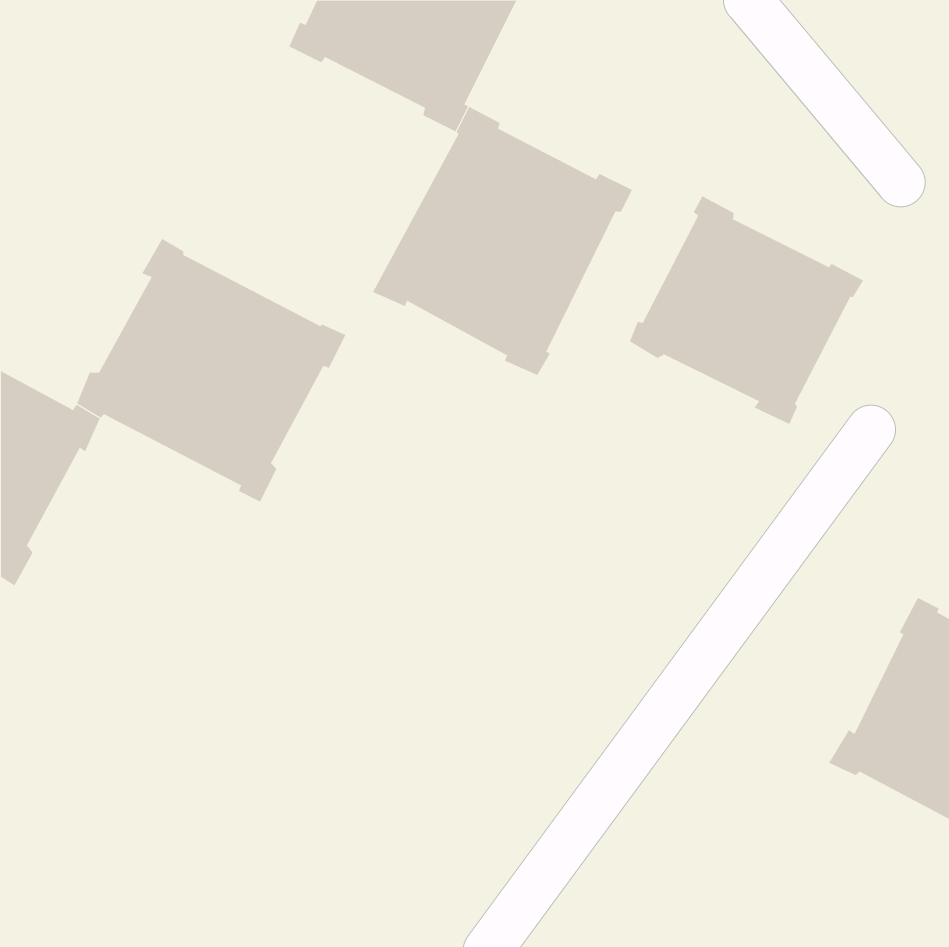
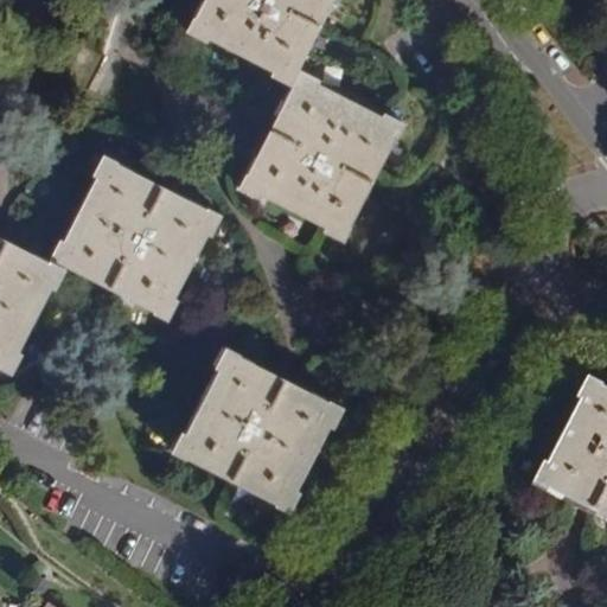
building: [629,196,864,425] -> none
building: none -> [171,346,344,513]

